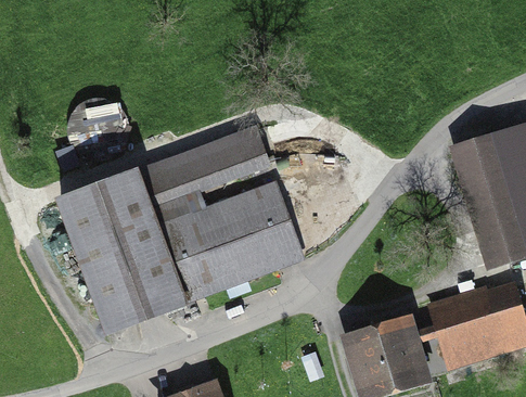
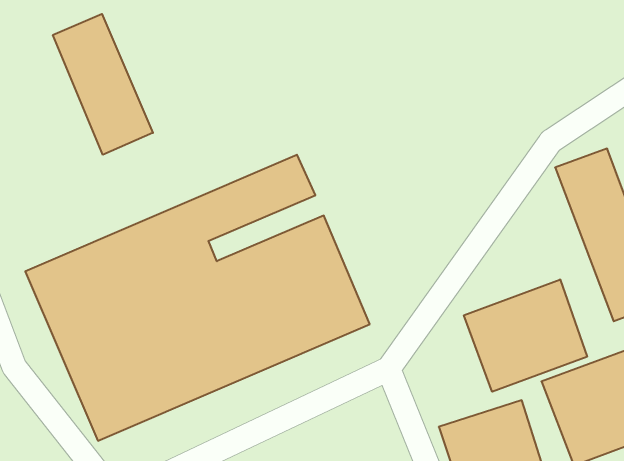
building: none -> [53,14,153,155]
building: none -> [464,279,587,392]

